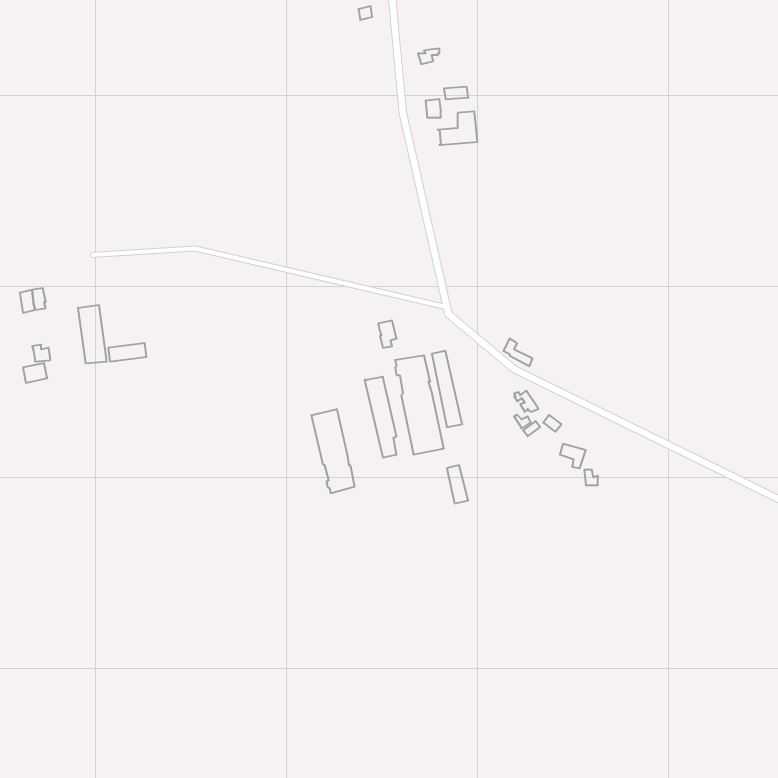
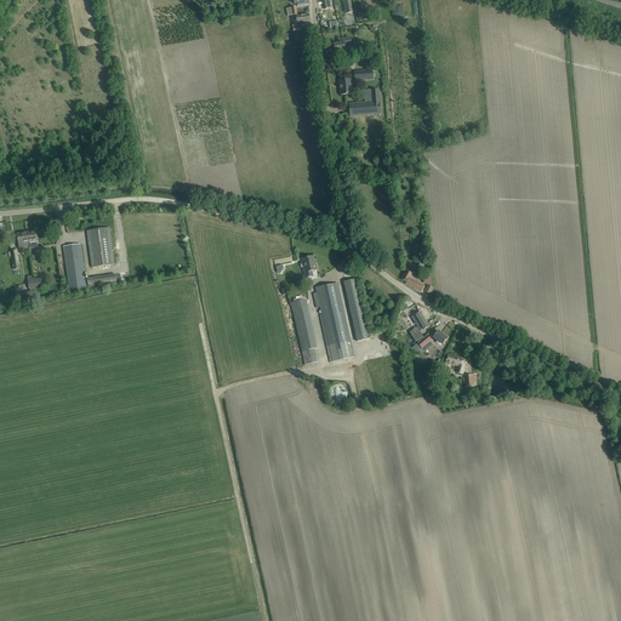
building: none -> [86,227,114,267]
building: [311,409,355,493] -> none

